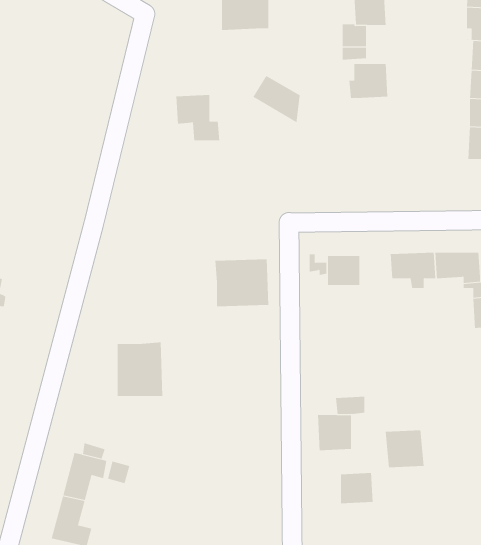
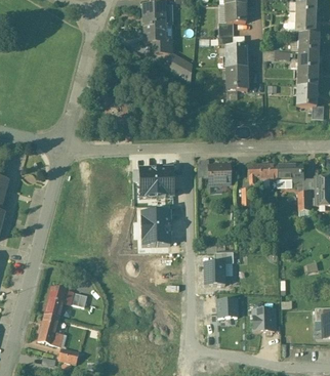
building: [175,95,220,141] -> [142,25,170,53]
building: none -> [225,67,246,90]
building: [117,342,163,396] -> [140,211,169,245]
building: [385,430,425,468] -> [250,308,275,332]

